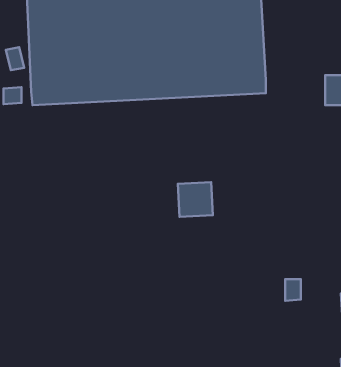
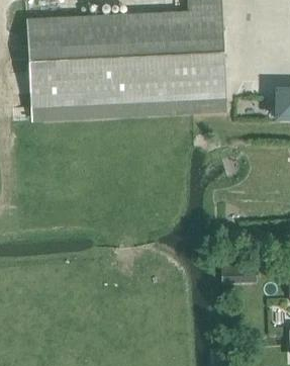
building: [178,182,213,217] -> none

